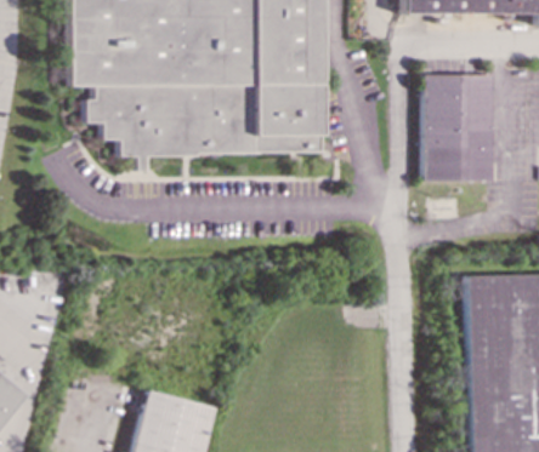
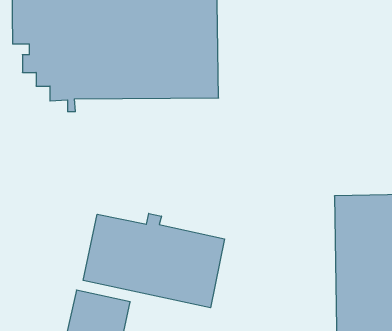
building: [426,74,495,181] -> none
building: none -> [83,213,224,308]

